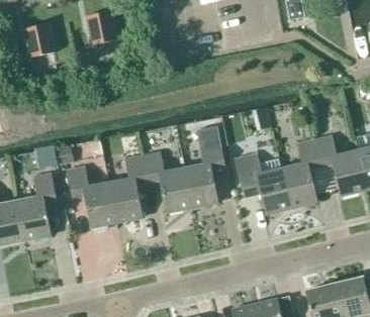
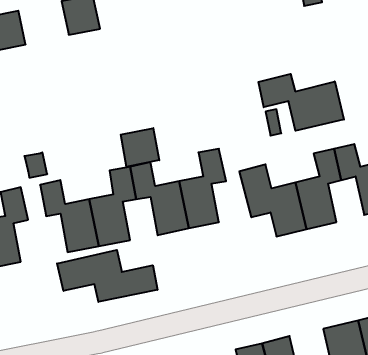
building: none -> [258,74,344,131]
building: none -> [121,128,159,167]
building: none -> [57,250,157,302]

